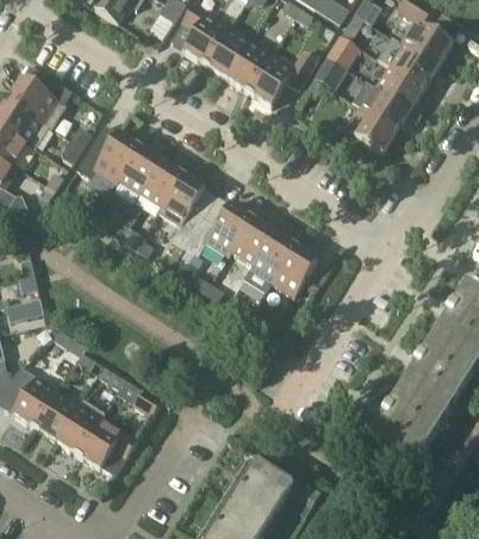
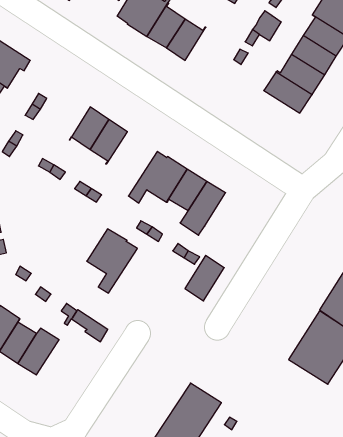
building: [249,52,316,105] -> none
building: [76,125,139,184] -> none
building: [158,174,217,248] -> [87,229,137,293]
building: [272,244,317,297] -> [185,255,224,301]
building: [77,417,137,476] -> none

